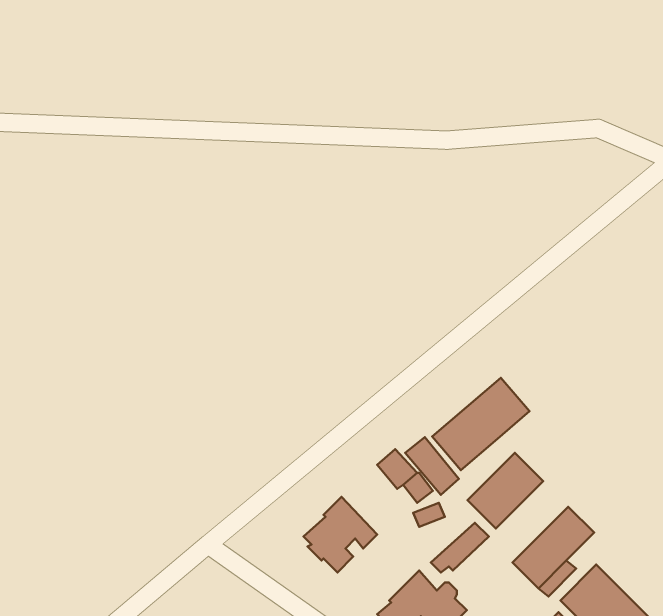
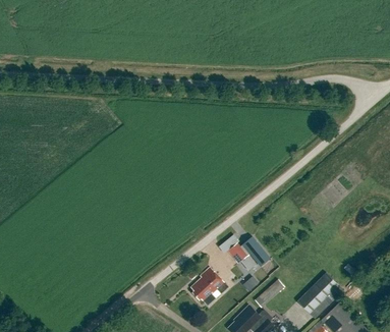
building: [432,378,530,470] -> none
building: [468,453,543,529] -> none

